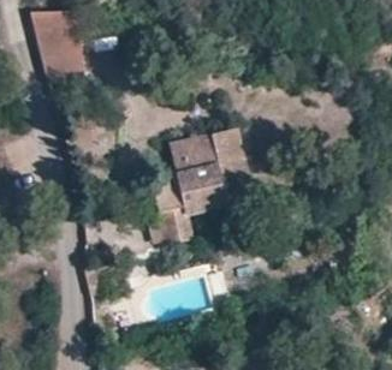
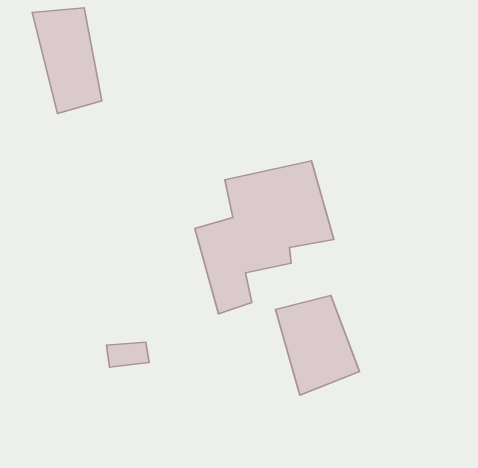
building: none -> [276,295,360,395]

